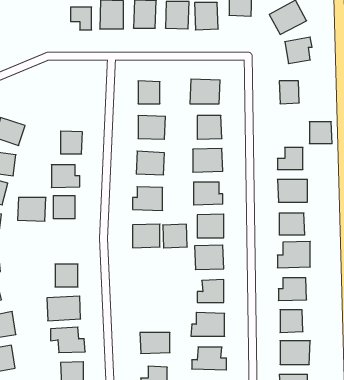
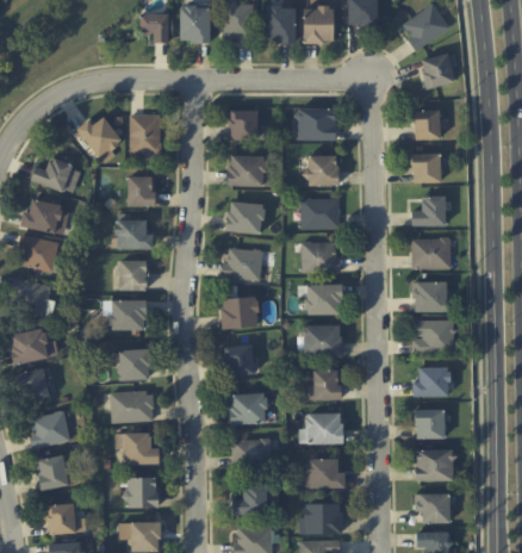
building: none -> [130,113,161,154]
building: none -> [77,116,122,164]
building: [309,122,332,144] -> [411,154,441,182]
building: [18,197,46,221] -> [110,299,147,330]
building: [163,224,187,248] -> [222,344,254,375]
building: none -> [230,392,267,424]

